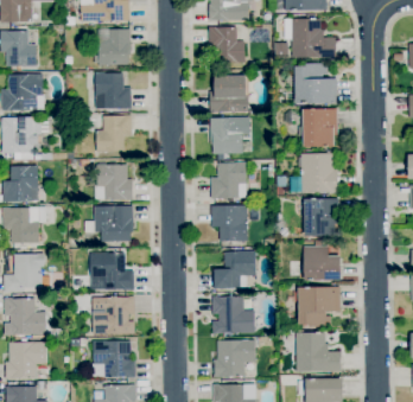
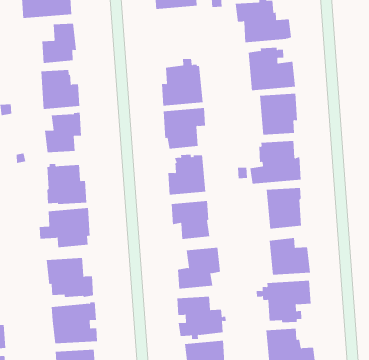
building: [208,27,244,64] -> none

